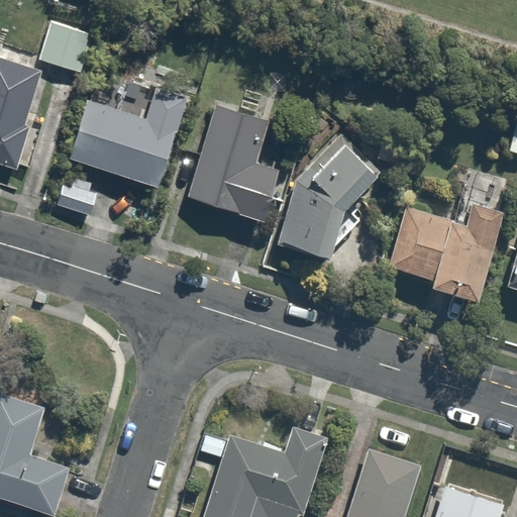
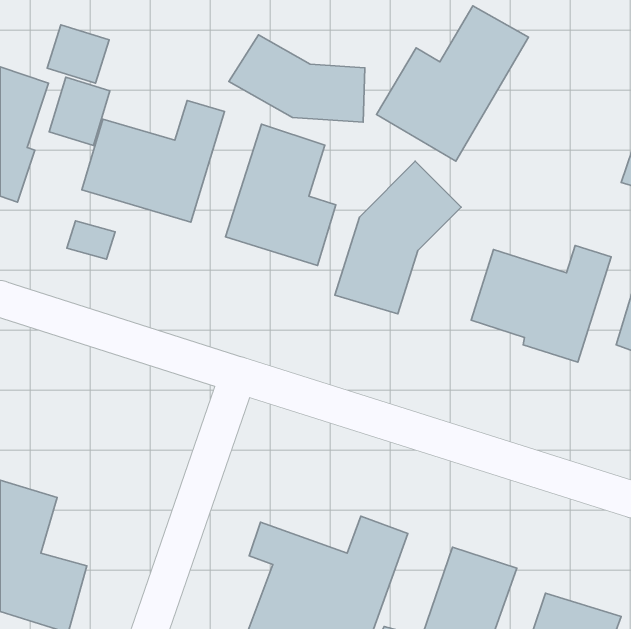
building: none -> [377,6,529,161]
building: none -> [229,35,365,122]
building: none -> [49,77,110,146]

